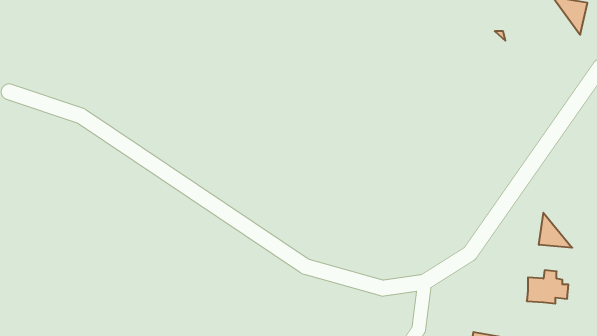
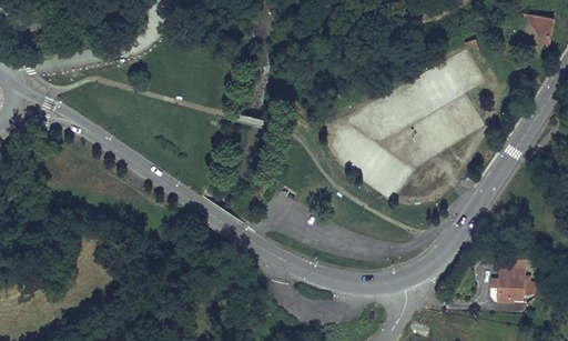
building: [539,213,572,248] -> none

